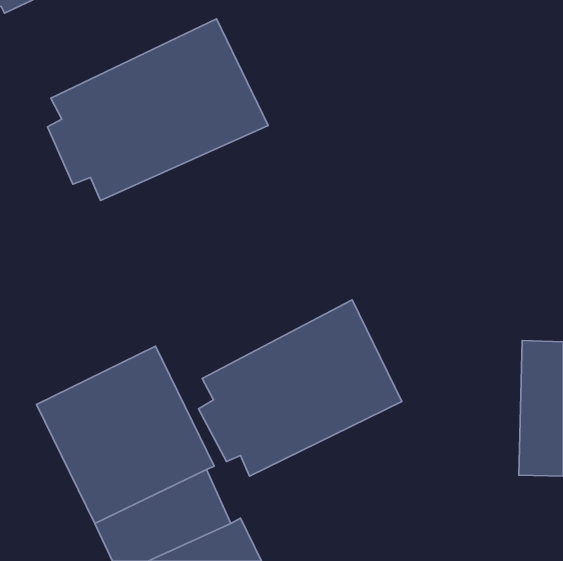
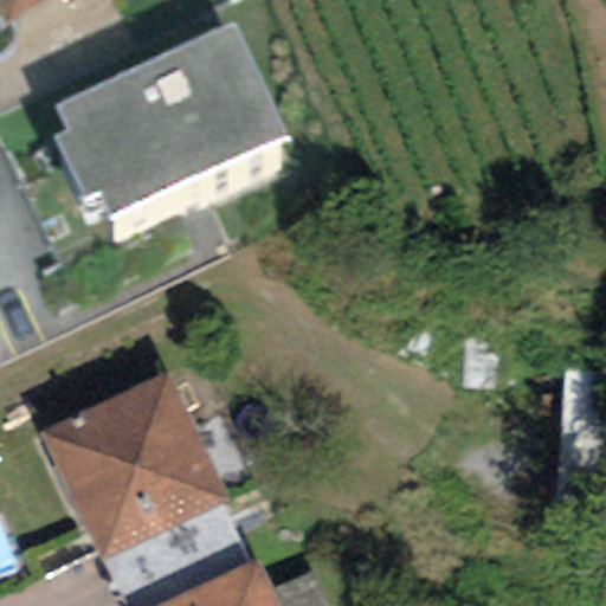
building: [199,300,402,476] -> none

